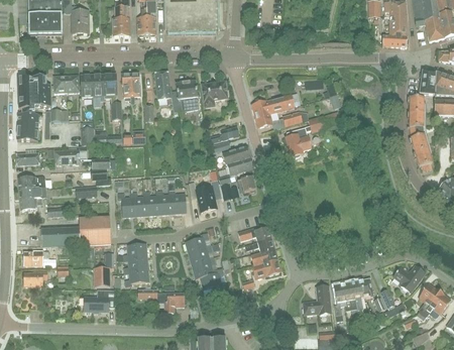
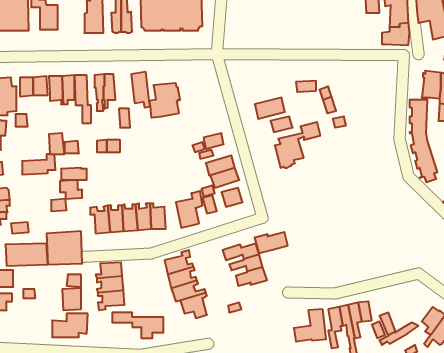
building: [202,81,229,106] -> none
building: [251,100,272,127] -> none
building: [251,259,281,278] -> [254,232,288,253]
building: [393,265,425,293] -> none

